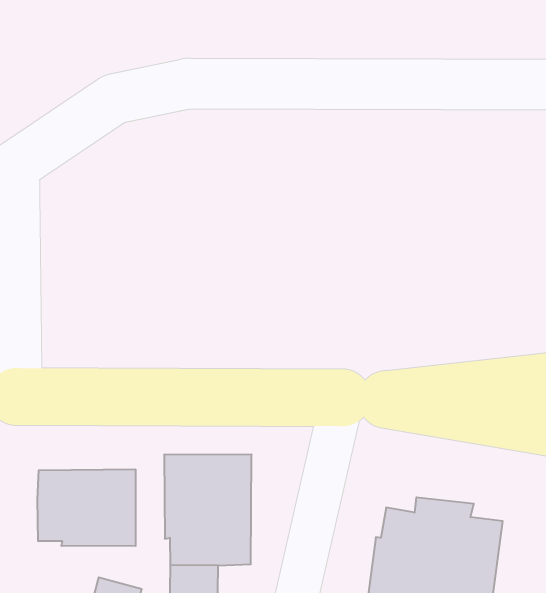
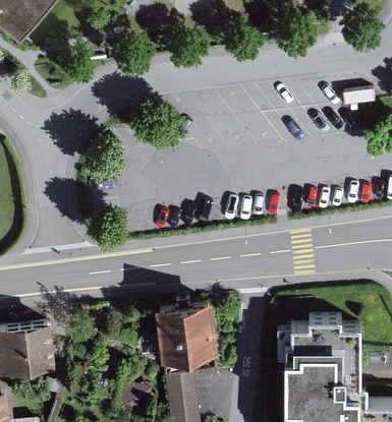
building: [38,469,136,546] -> none

